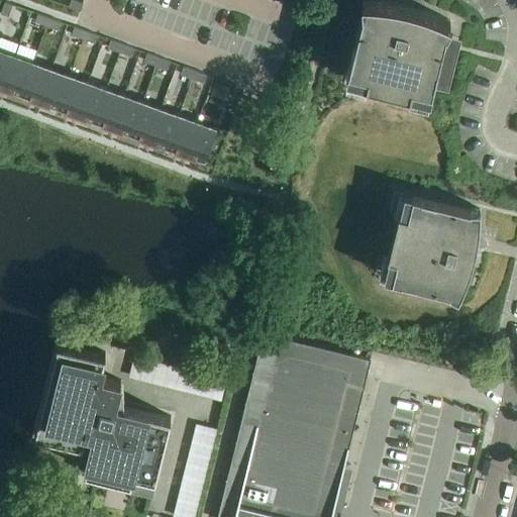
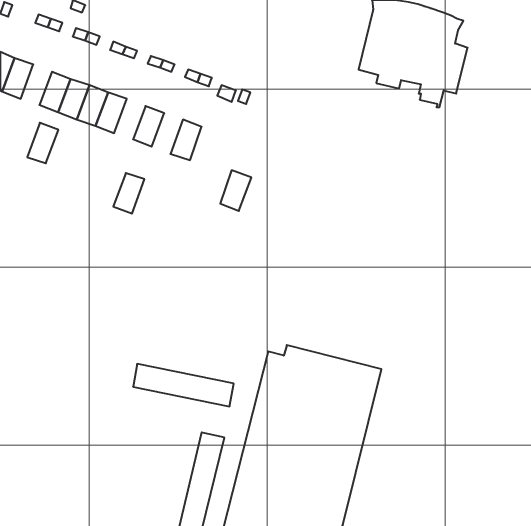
building: [20,68,50,107] -> [27,123,58,163]
building: [111,101,141,140] -> none
building: [147,115,178,154] -> [113,173,144,214]
building: [185,128,215,168] -> [220,170,251,211]
building: [388,196,480,302] -> none
building: [31,340,171,493] -> none

